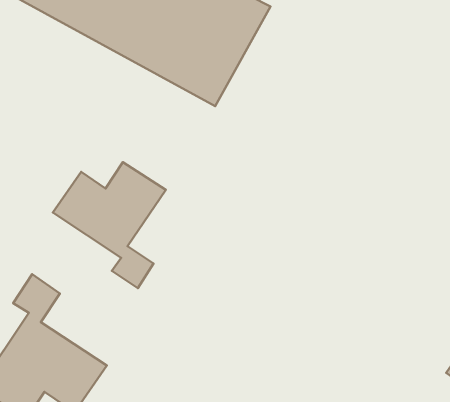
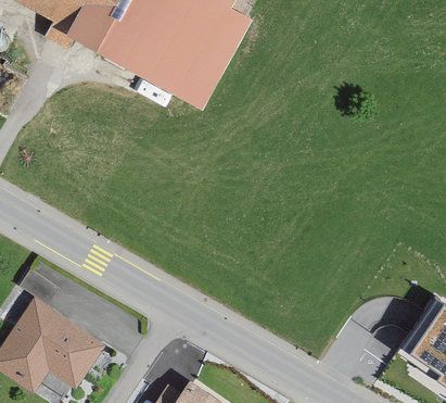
building: [53,162,166,288] -> none

